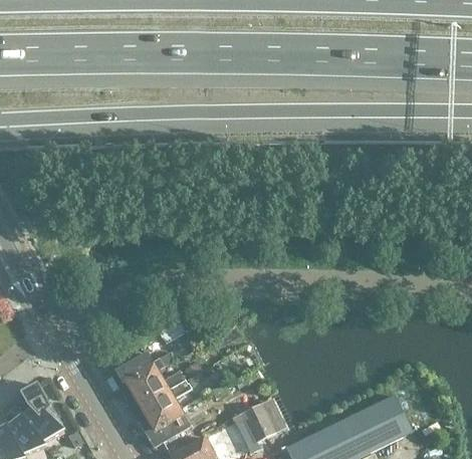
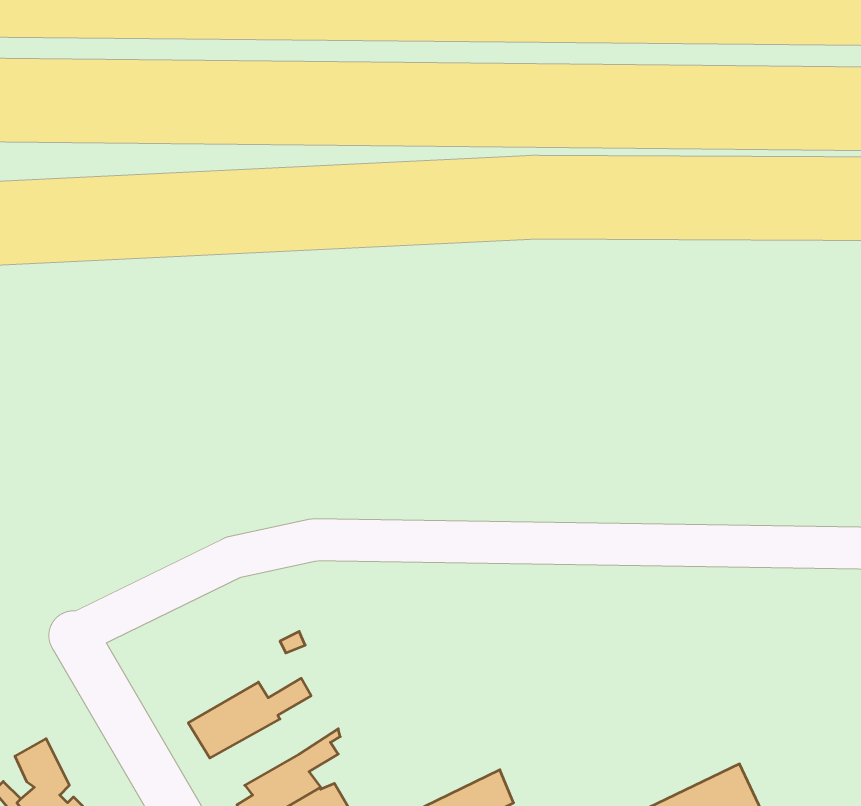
building: [122,372,188,406] -> none

